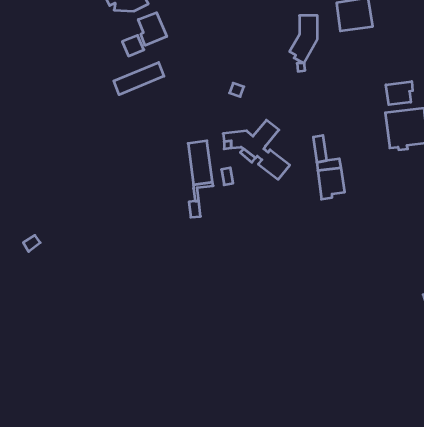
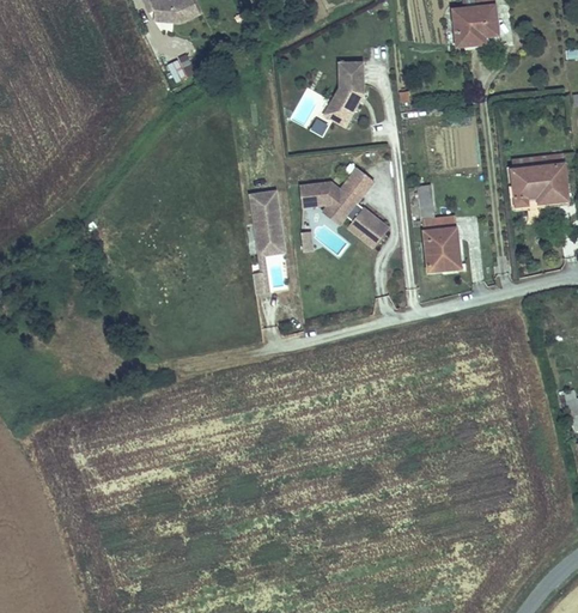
building: [138,13,167,45] -> none
building: [290,16,317,63] -> [325,61,363,125]
building: [114,62,164,95] -> none
building: [386,81,413,105] -> none

